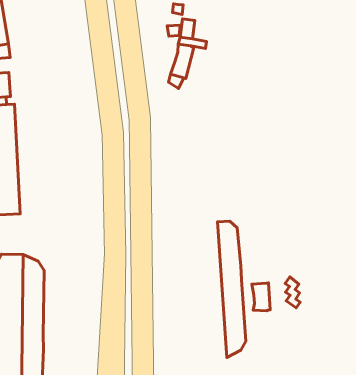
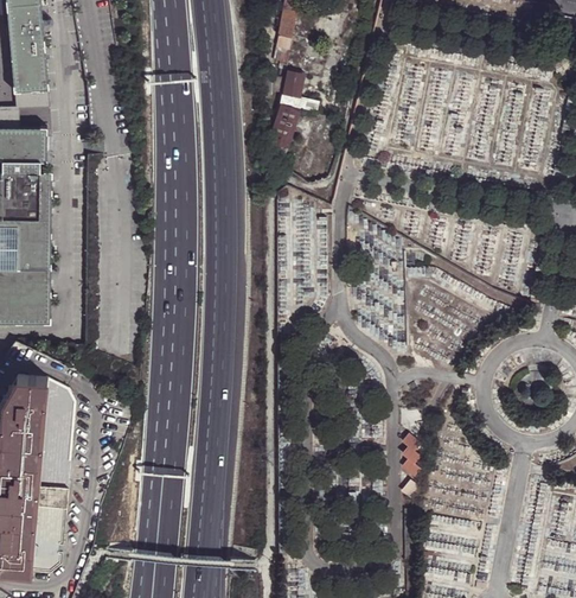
building: [218,221,246,357] -> none
building: [252,283,270,311] -> none

